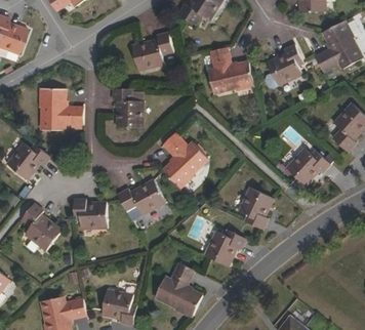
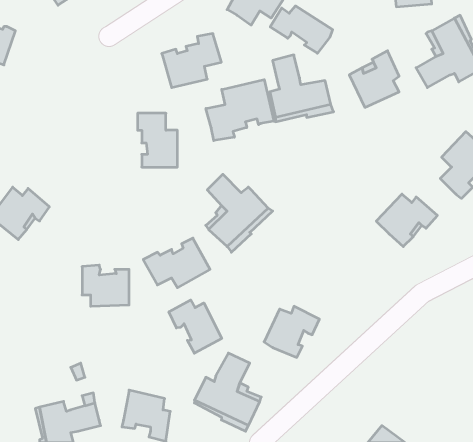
building: none -> [270,6,333,53]
building: none -> [206,80,274,141]
building: [43,89,83,131] -> none
building: [238,187,274,230] -> none
building: [22,203,63,251] -> none
building: none -> [169,300,222,353]

